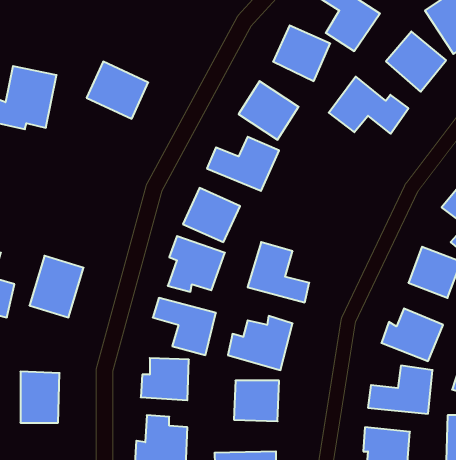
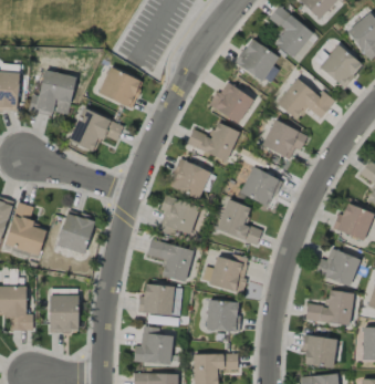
building: none -> [67,108,123,152]
building: none -> [261,120,306,159]
building: none -> [239,167,281,207]

